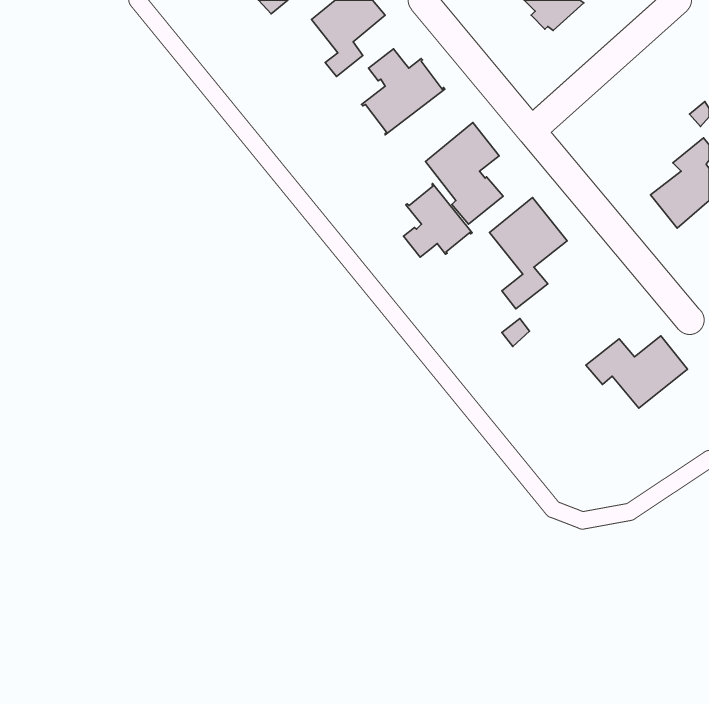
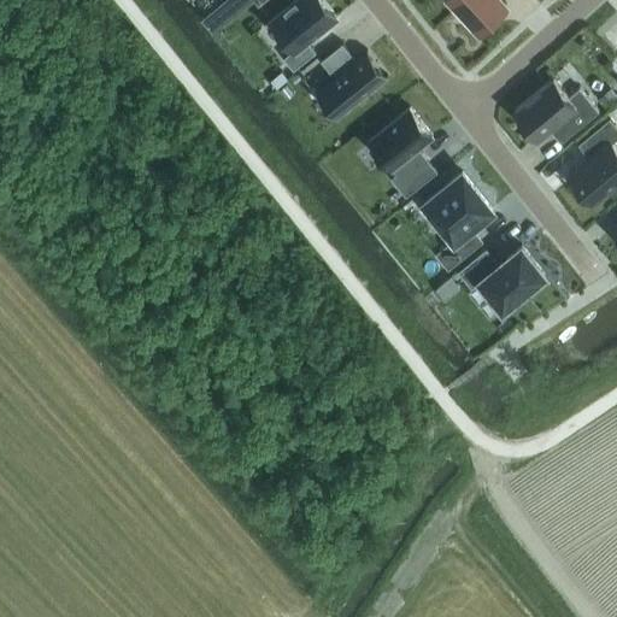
building: none -> [515,82,599,142]
building: [404,183,472,257] -> none
building: [586,336,687,408] -> [457,251,545,313]

